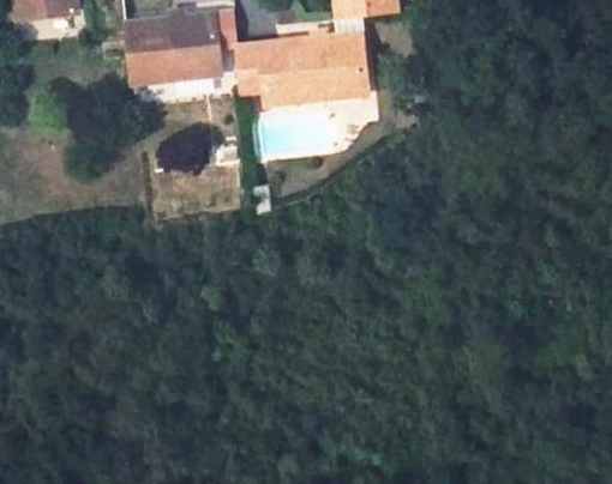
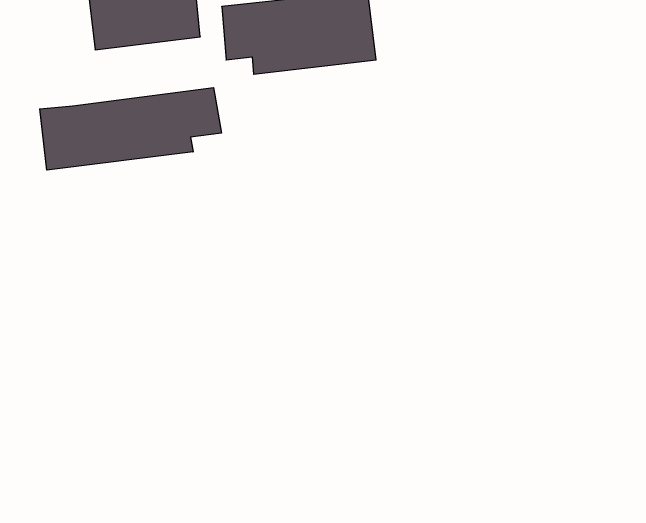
building: none -> [40,88,221,170]

